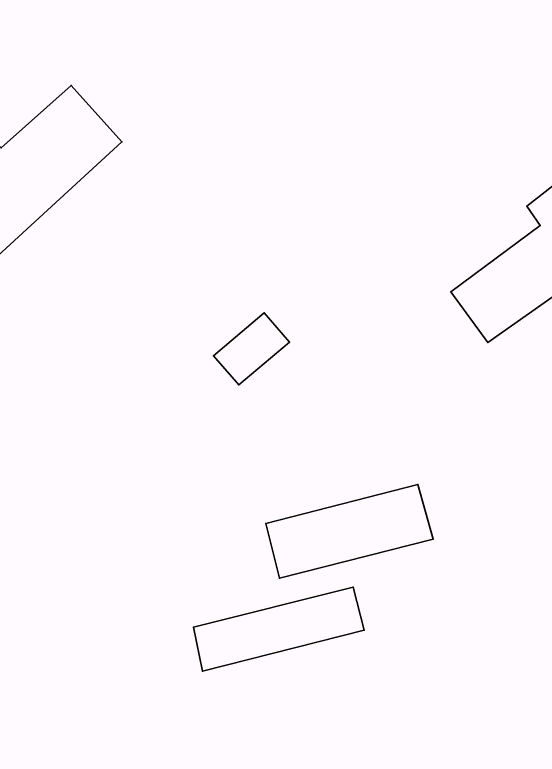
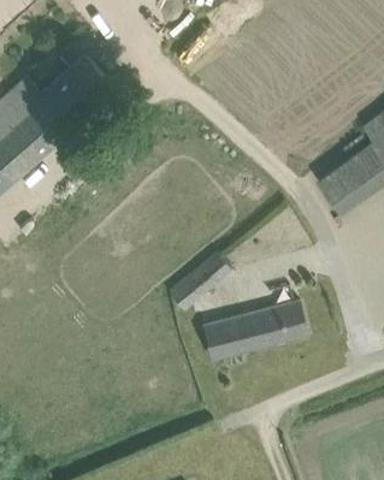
building: [213,313,289,385] -> [183,253,230,297]
building: [193,587,364,671] -> none

